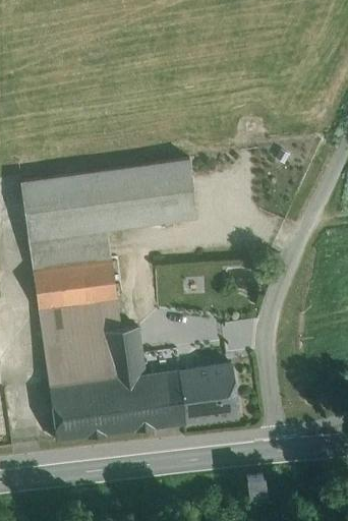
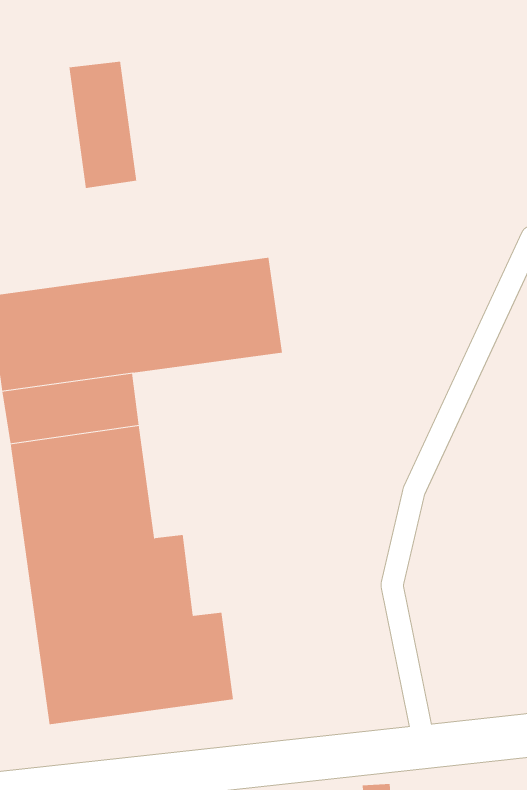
building: none -> [69,61,137,189]
building: [162,363,239,426] -> none

